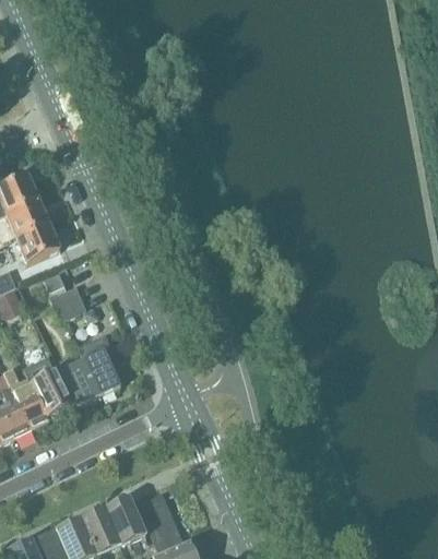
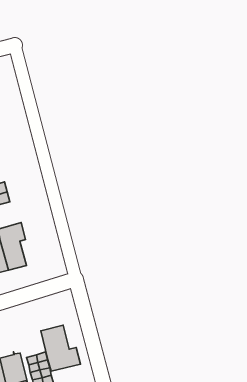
building: none -> [41,325,81,371]

